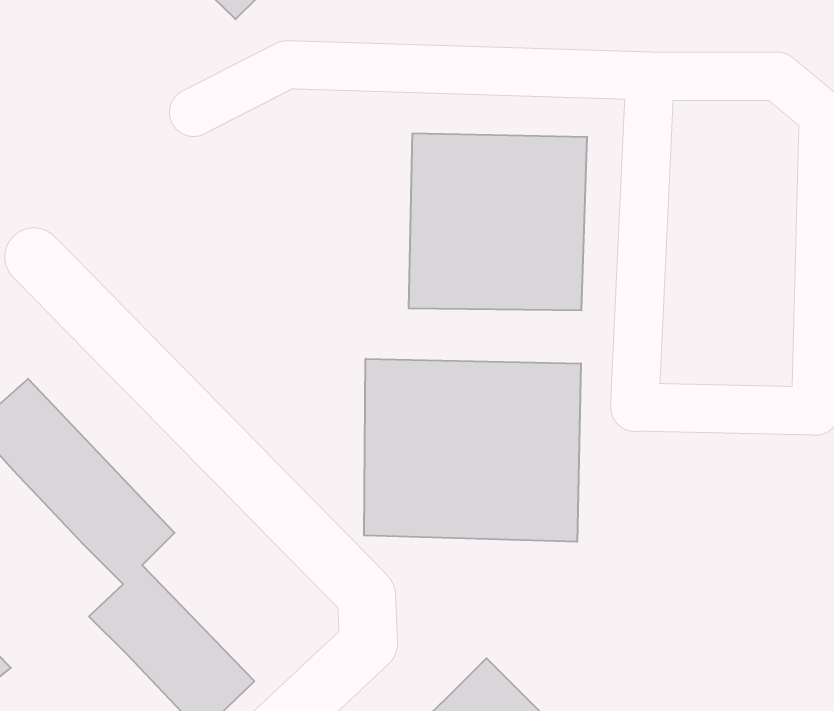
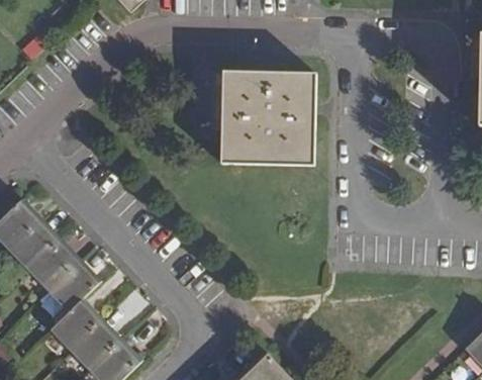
building: [364,359,581,542] -> none

